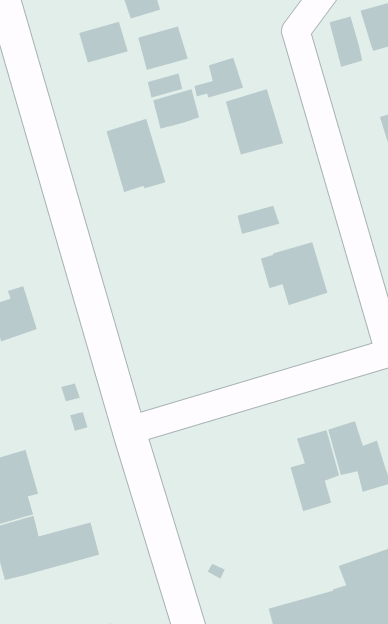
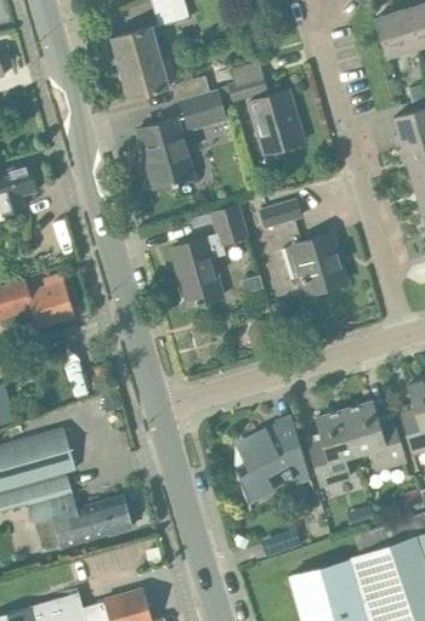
building: [328,15,363,68] -> none
building: [137,26,189,71] -> [119,57,168,99]
building: none -> [174,206,245,307]
building: none -> [234,420,308,505]

